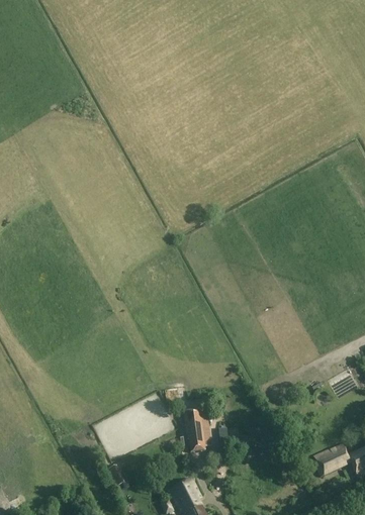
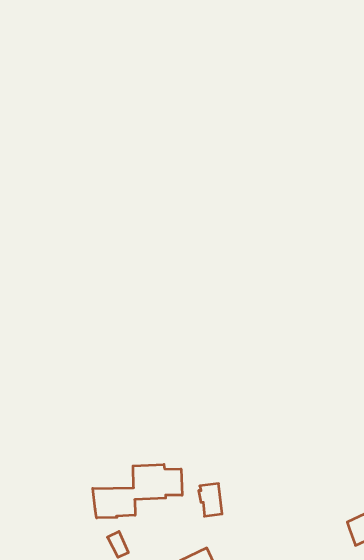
building: none -> [93,464,182,518]

